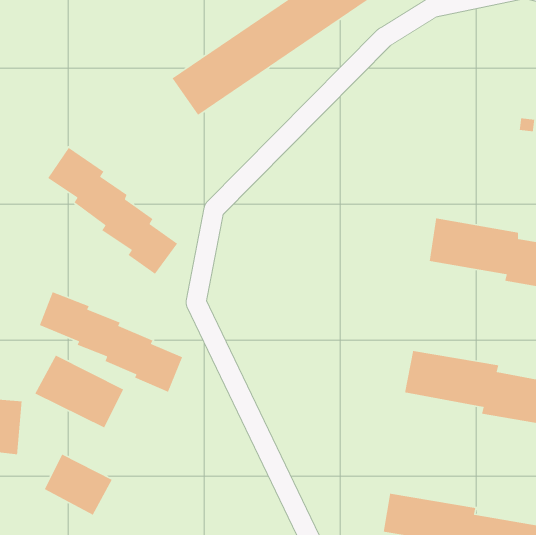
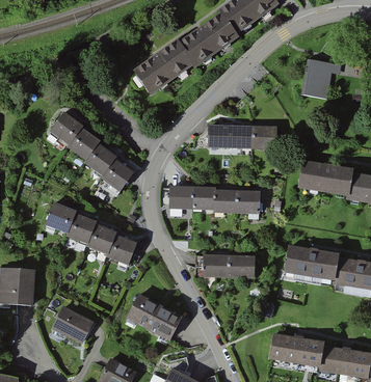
building: none -> [300,60,332,99]
building: none -> [205,125,274,147]
building: none -> [167,186,258,213]
building: [34,355,124,428] -> [128,296,185,343]
building: none -> [200,253,253,279]

